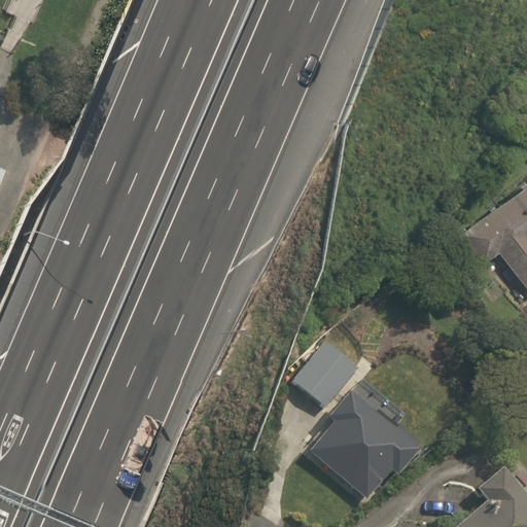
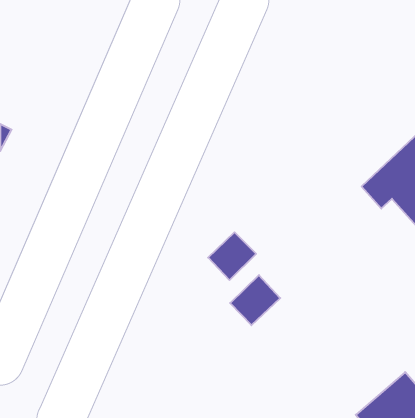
building: none -> [208,232,256,280]
building: [316,393,418,495] -> none

